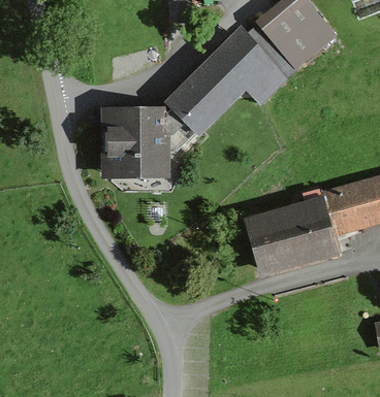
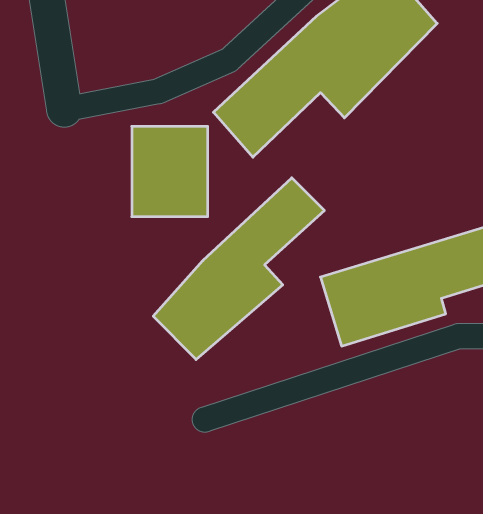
building: none -> [153,178,324,360]

